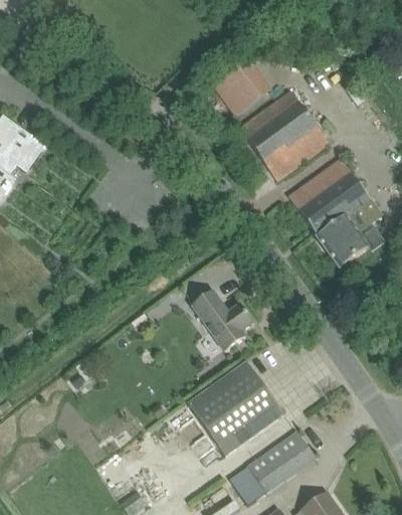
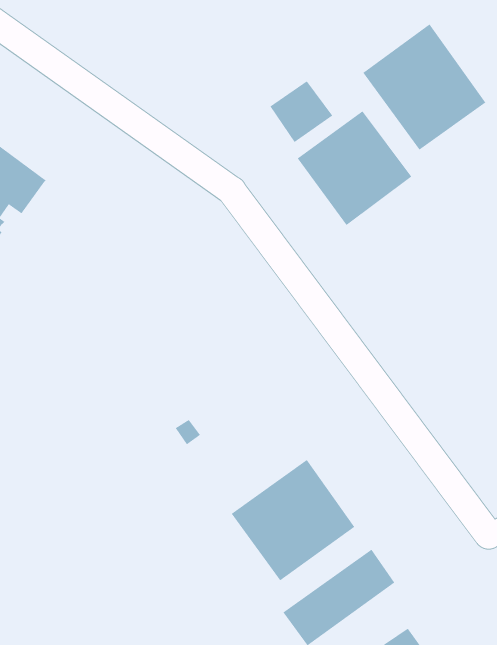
building: none -> [363,24,486,150]
building: [287,159,381,268] -> none
building: [191,291,252,351] -> none

